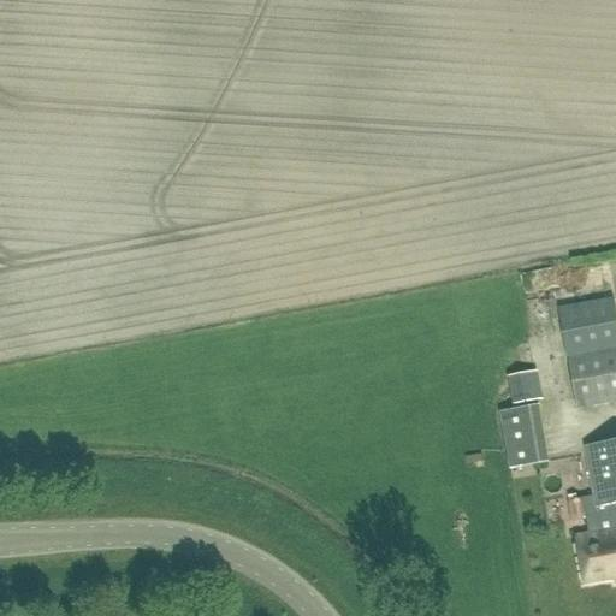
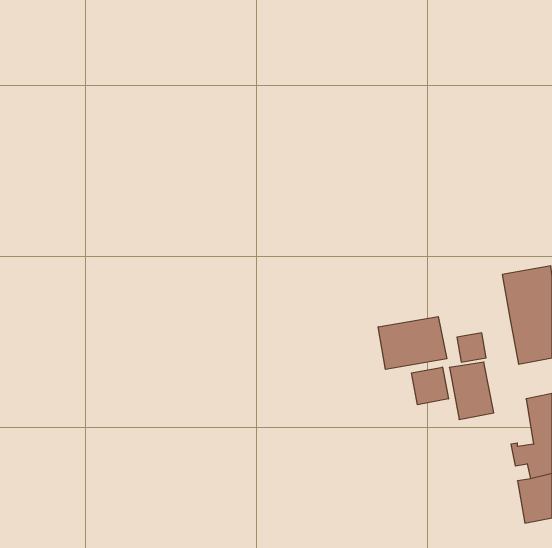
building: none -> [378,317,447,369]
building: none -> [412,367,448,405]

